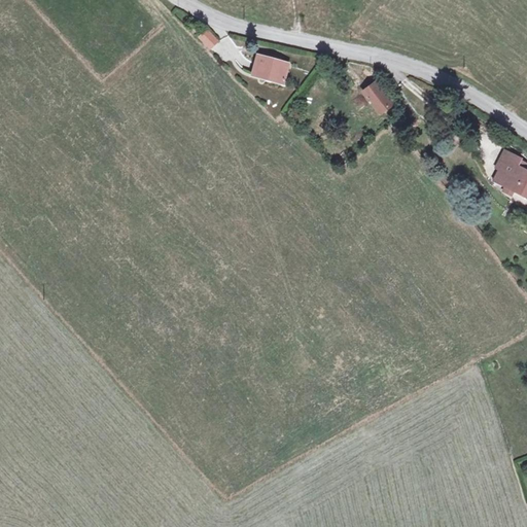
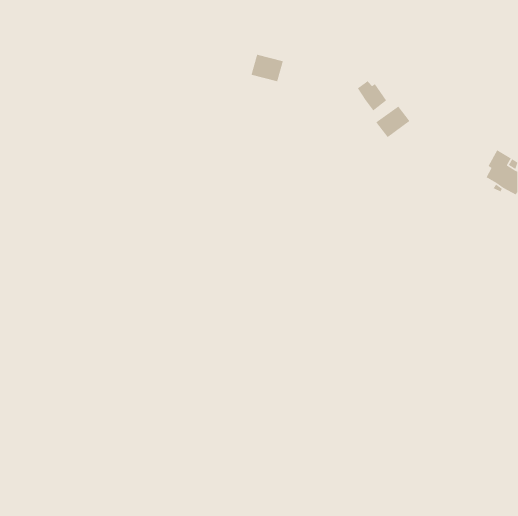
building: none -> [375,105,411,138]

